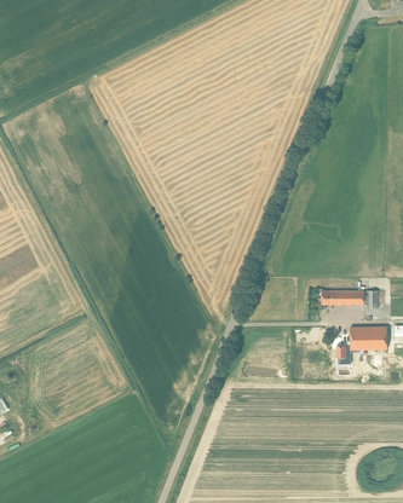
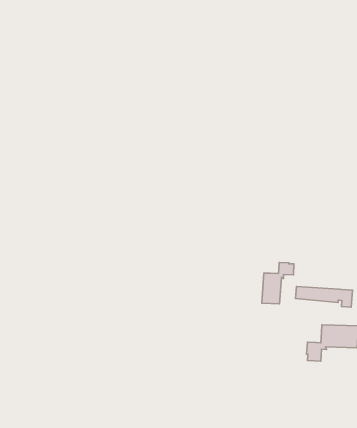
building: none -> [262,262,294,304]

